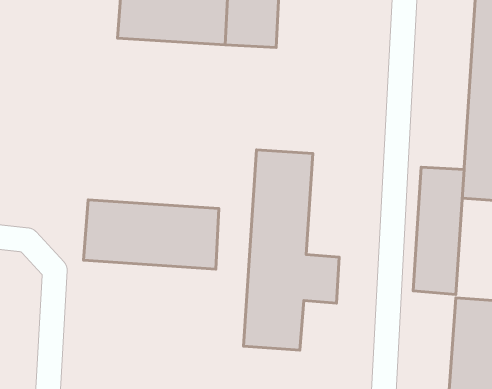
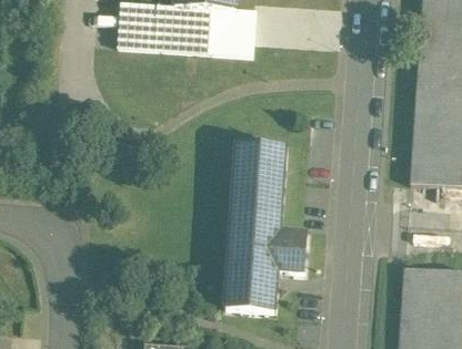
building: [413,167,464,294] -> none
building: [83,200,219,269] -> none

